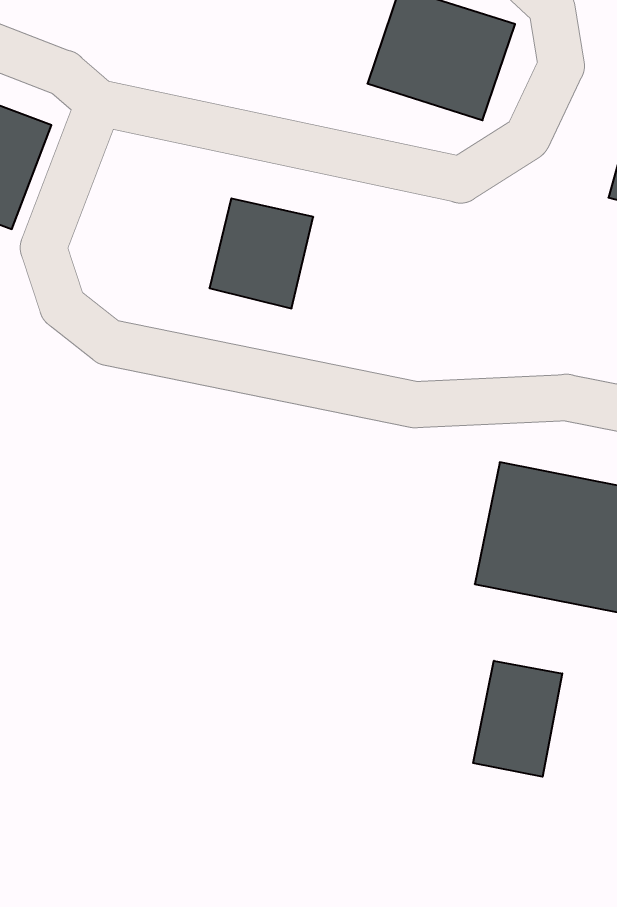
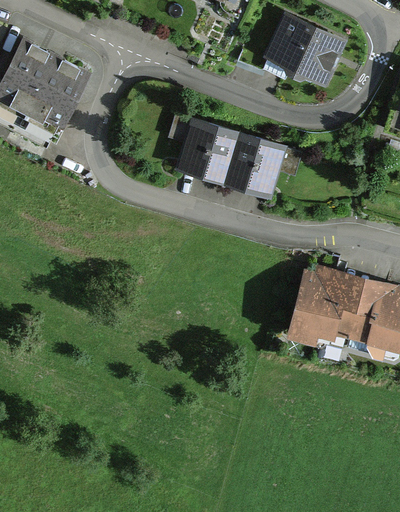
building: none -> [214,131,271,192]
building: [473,661,562,777] -> none

